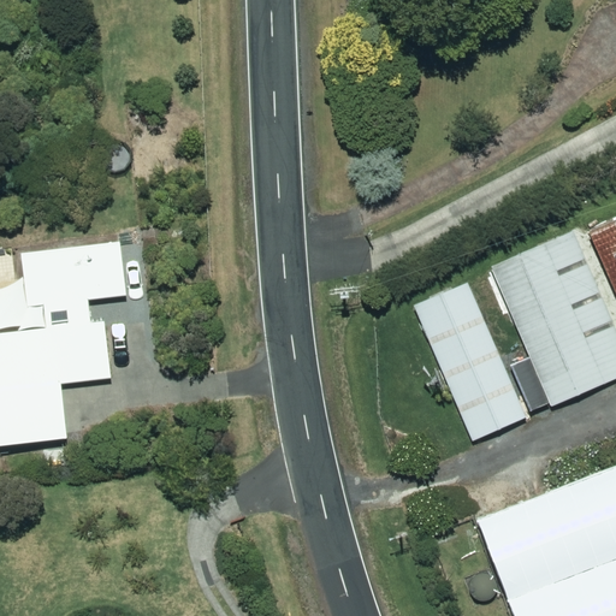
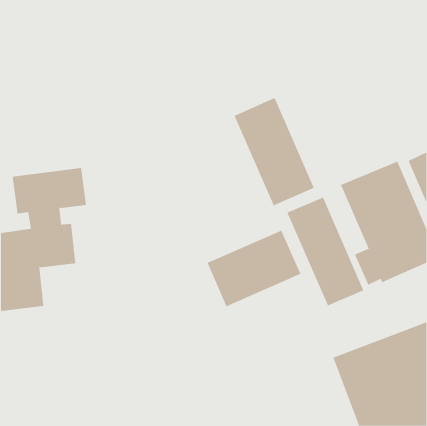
building: none -> [234,97,315,206]
building: none -> [207,230,301,307]

